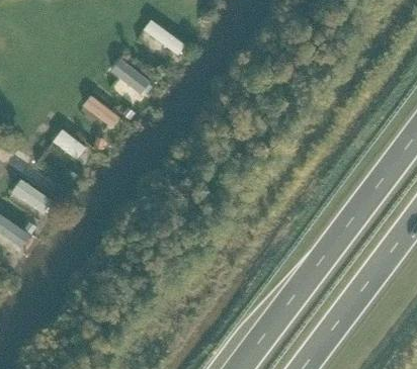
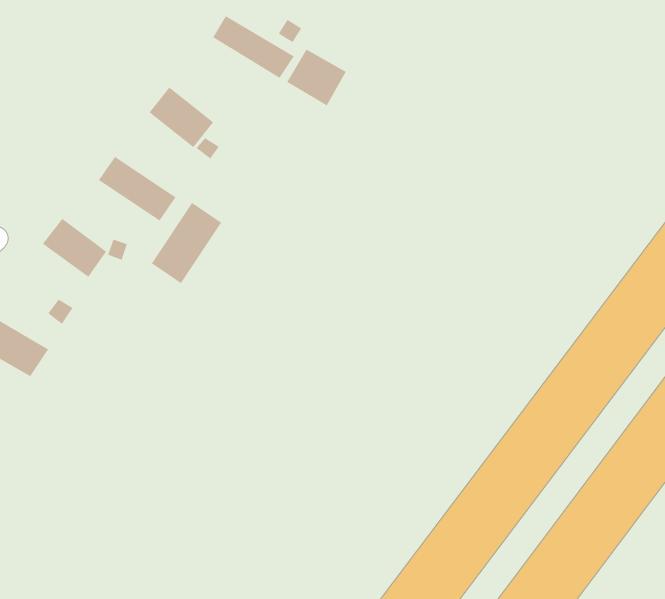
building: none -> [286,49,347,107]
building: none -> [151,202,222,284]

